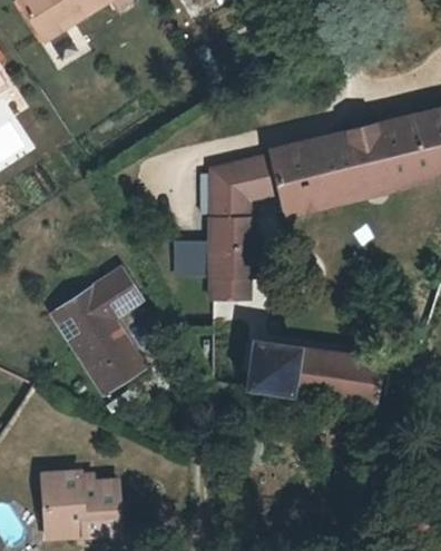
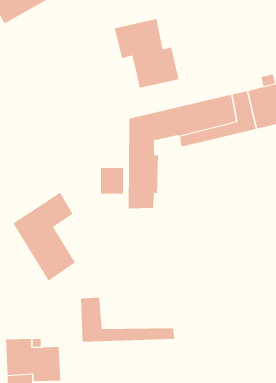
building: none -> [114,18,179,88]
building: [249,345,380,405] -> none
building: none -> [81,297,175,342]

